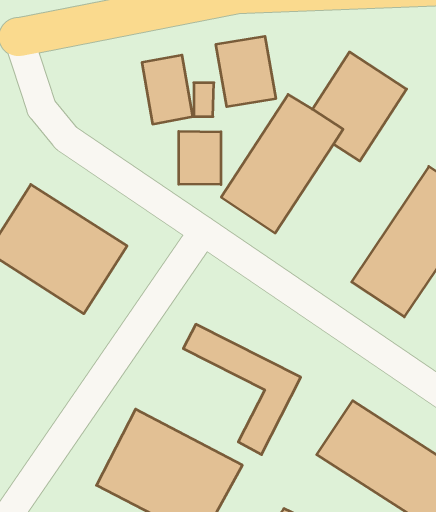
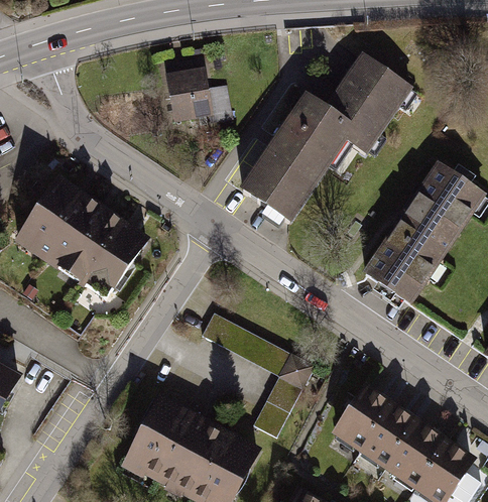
building: [216,36,276,107] -> none
building: [179,131,221,185] -> none

